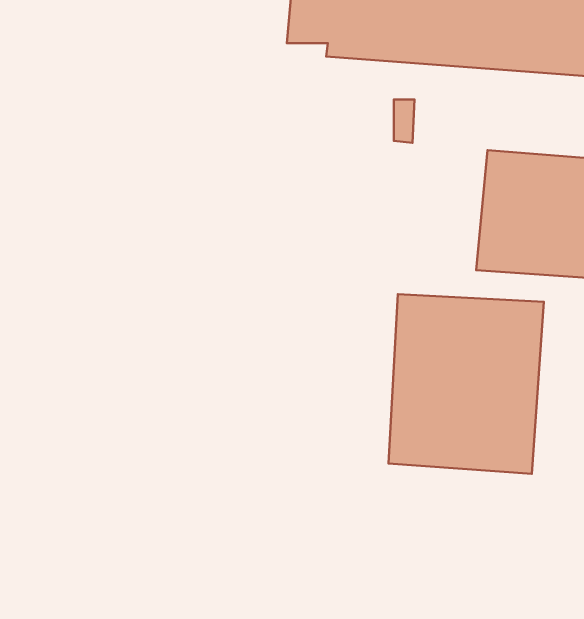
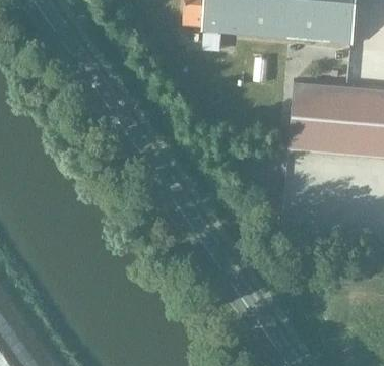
building: [389,294,544,474] -> none

